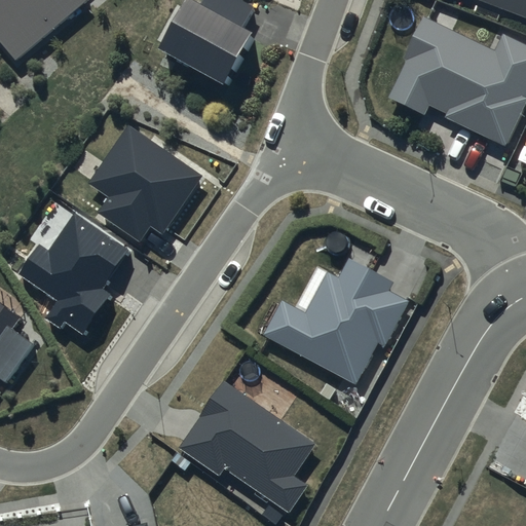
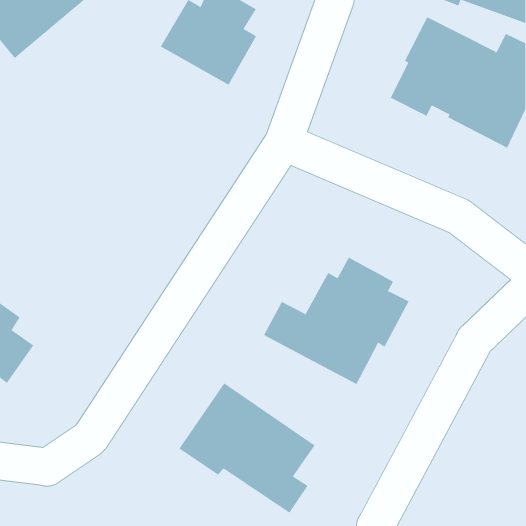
building: [86,123,201,239] -> none
building: [18,210,129,334] -> none

